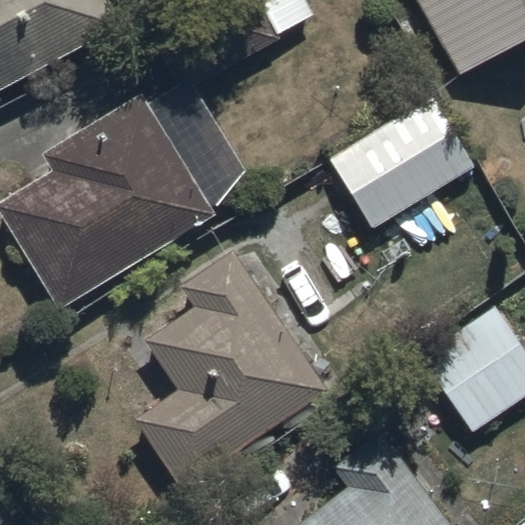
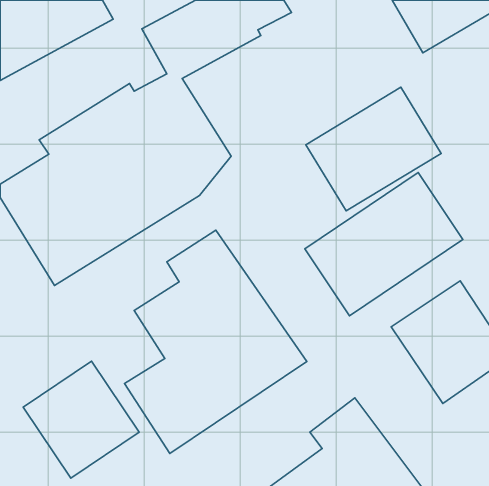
building: none -> [305,173,463,316]
building: none -> [23,361,139,478]

